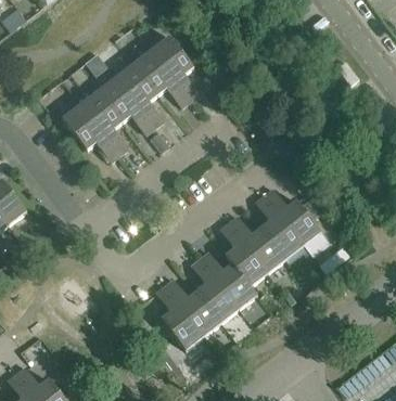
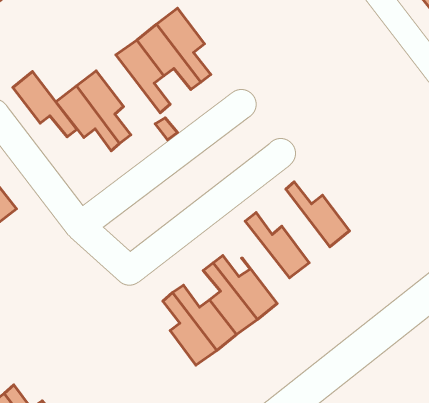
building: [98,75,154,132] -> [13,72,77,137]
building: [255,193,304,258] -> none
building: [221,221,268,294] -> none

